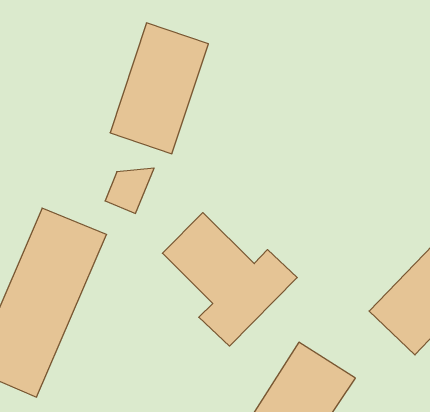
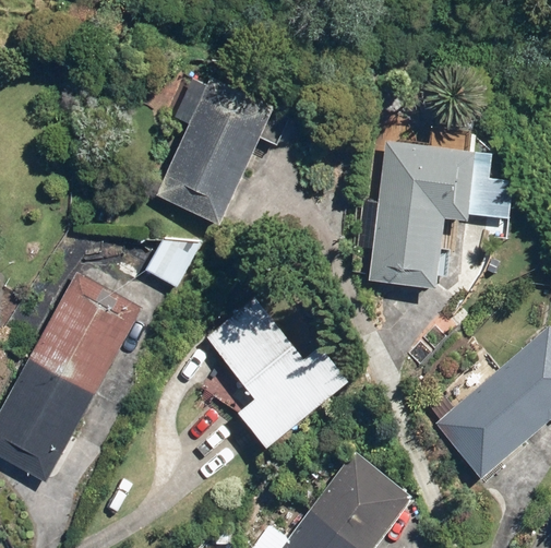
building: none -> [363,143,510,289]

